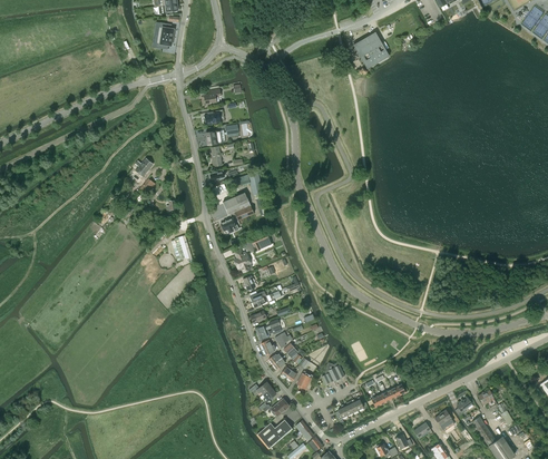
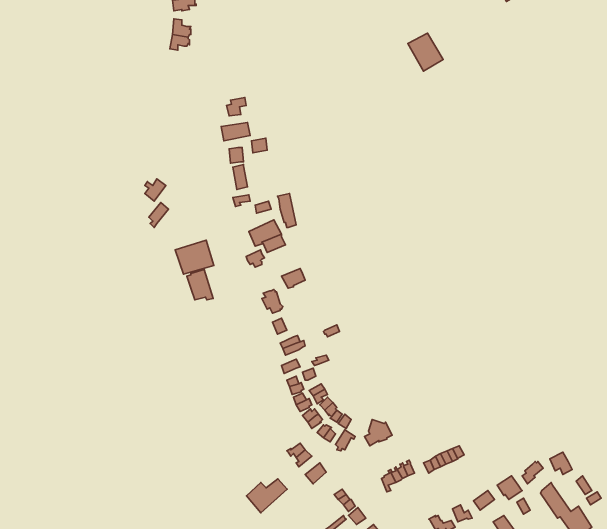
building: none -> [175,240,214,274]
building: [257,419,292,448] -> [246,479,287,513]

